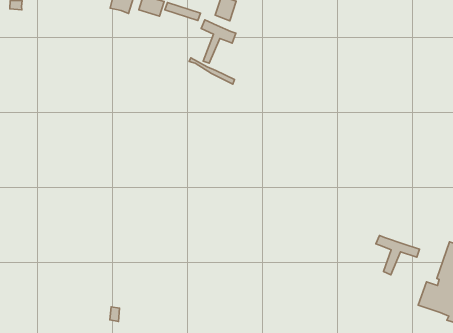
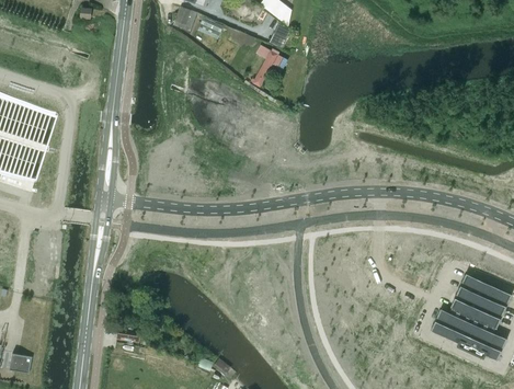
building: [376,235,420,275] -> none

